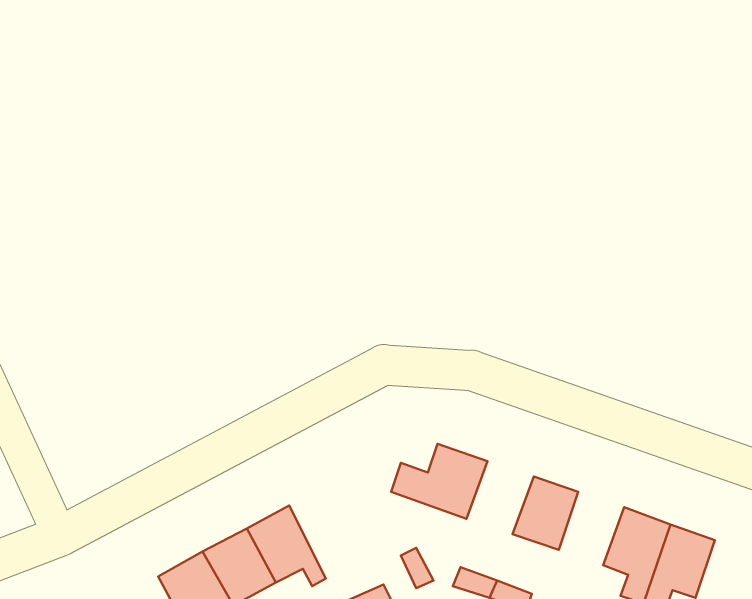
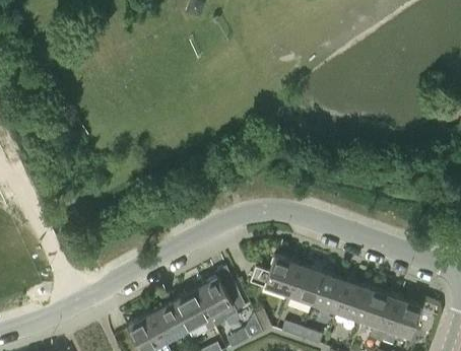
building: none -> [289,266,325,304]
building: none -> [196,277,245,328]
building: none -> [338,282,373,321]

